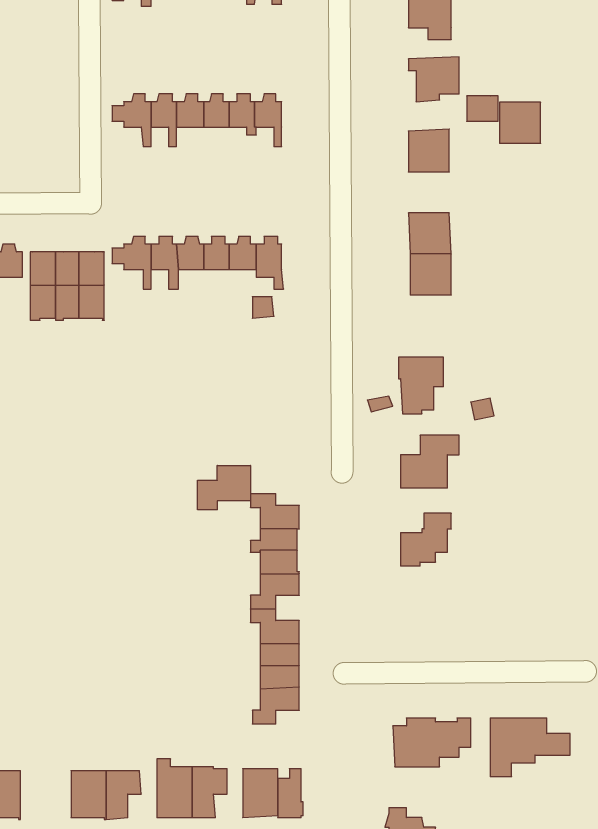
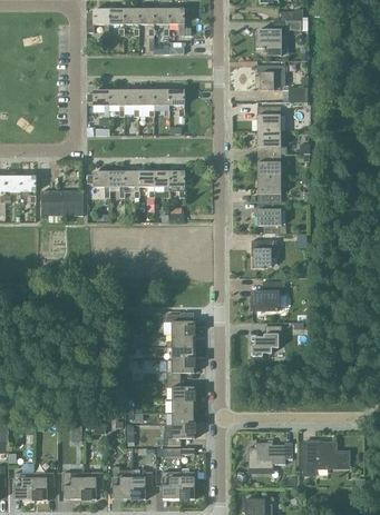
building: [500,102,541,143] -> [256,131,280,155]
building: none -> [257,201,281,234]
building: [198,465,250,510] -> none
building: none -> [35,473,53,501]

